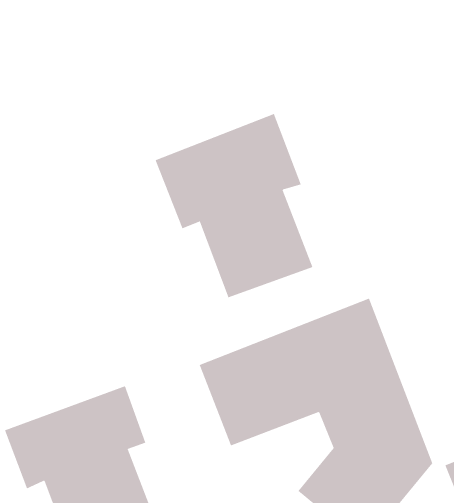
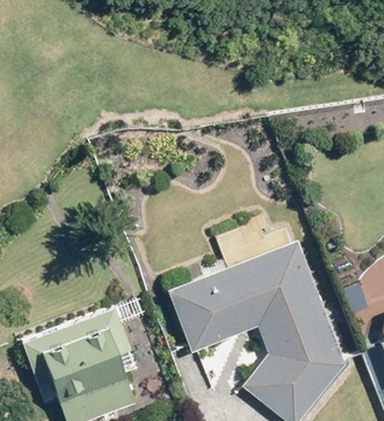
building: [155,113,313,298] -> none

